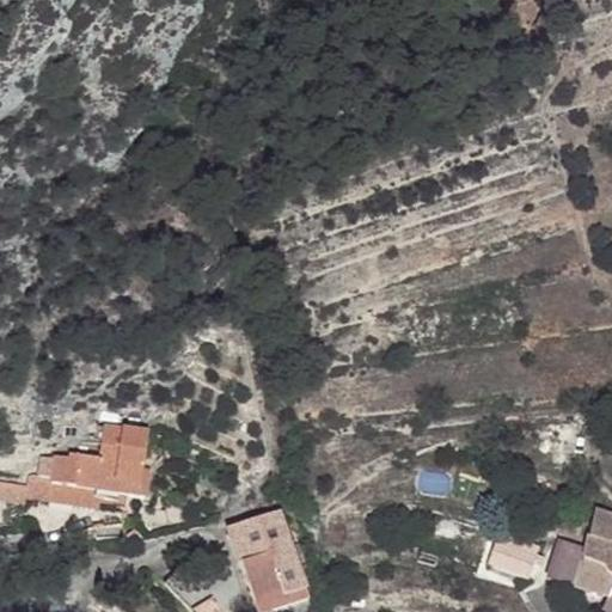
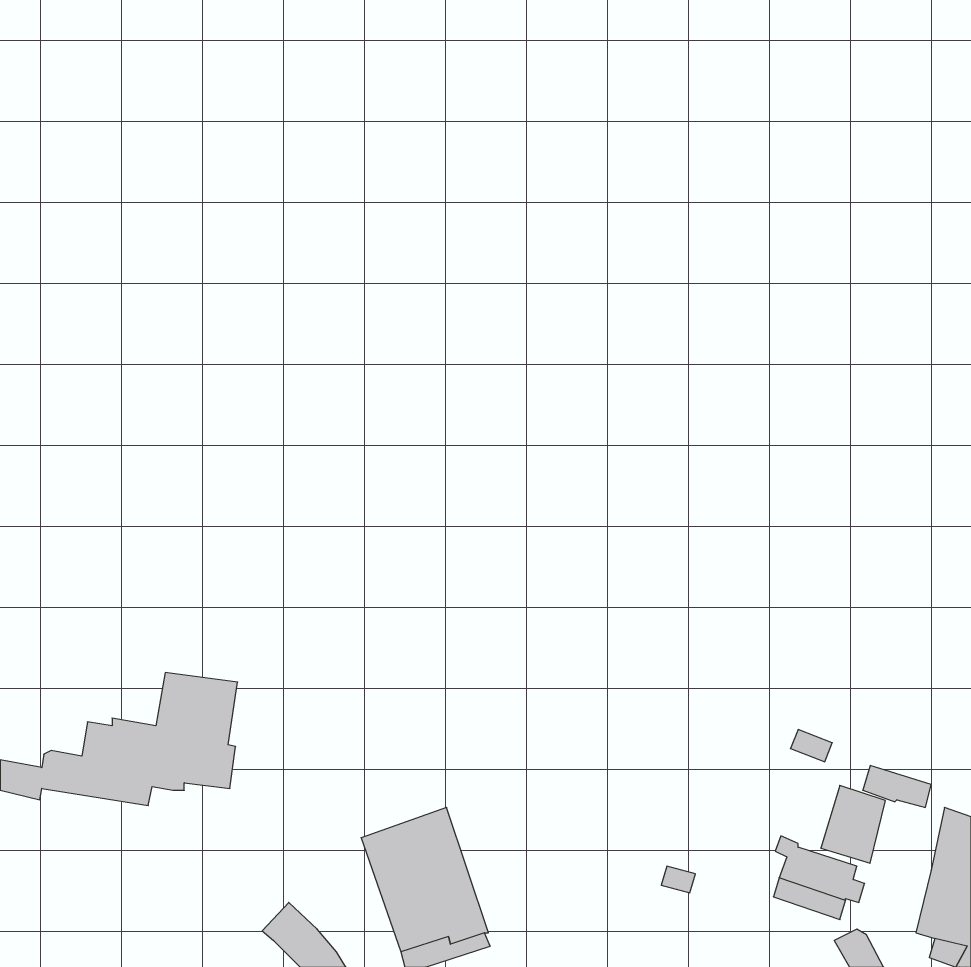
building: [545,538,586,587] -> [821,785,885,863]

